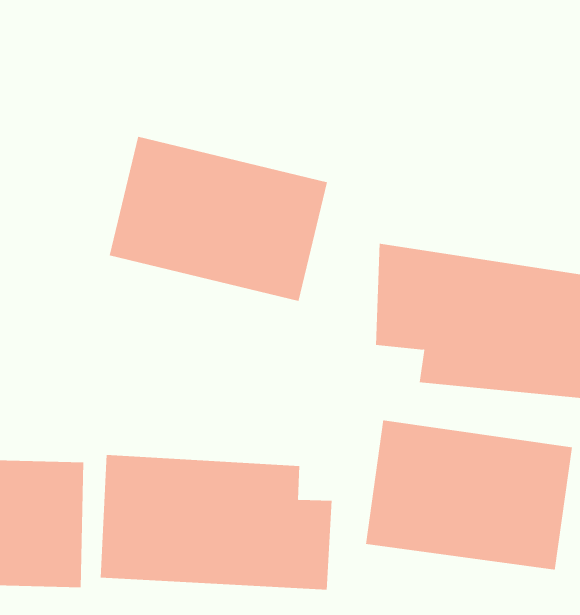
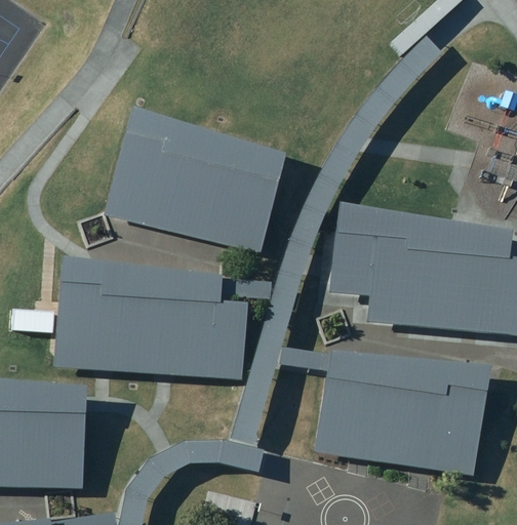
building: [100,455,332,590] -> [55,265,247,376]

